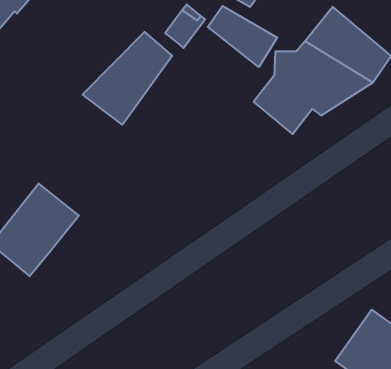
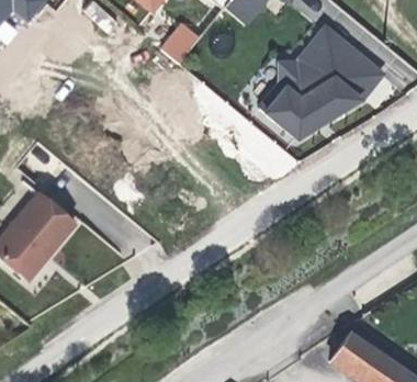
building: [208,6,277,67] -> none
building: [83,32,172,125] -> none

